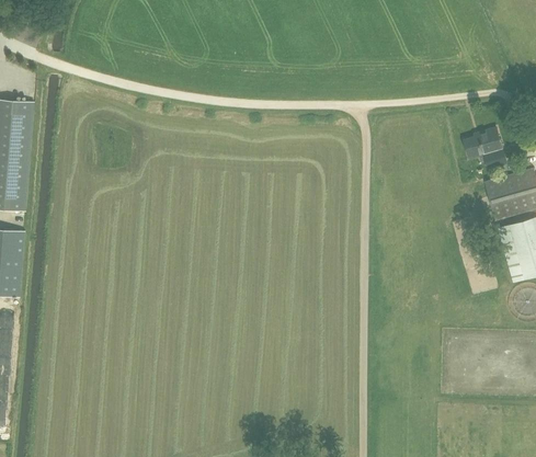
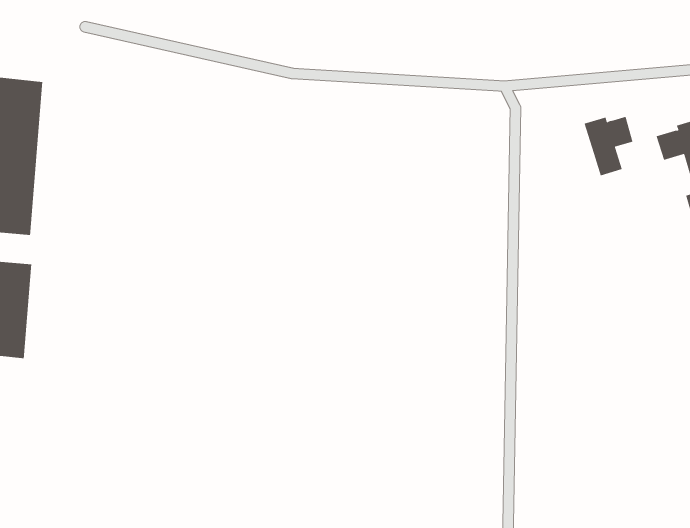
building: none -> [584,116,633,176]

